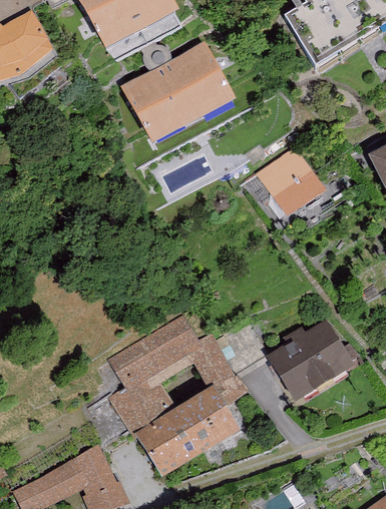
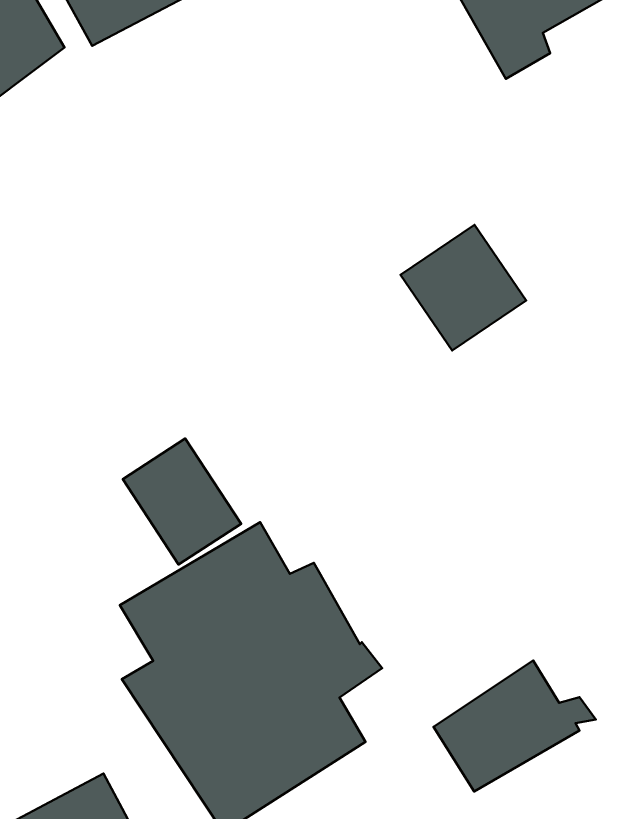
building: [107,45,230,155] -> none
building: none -> [123,439,241,564]
building: [273,324,361,395] -> [434,660,596,791]

